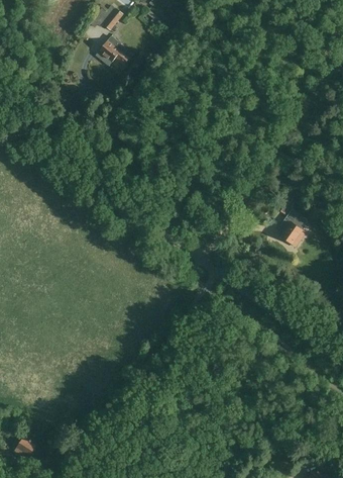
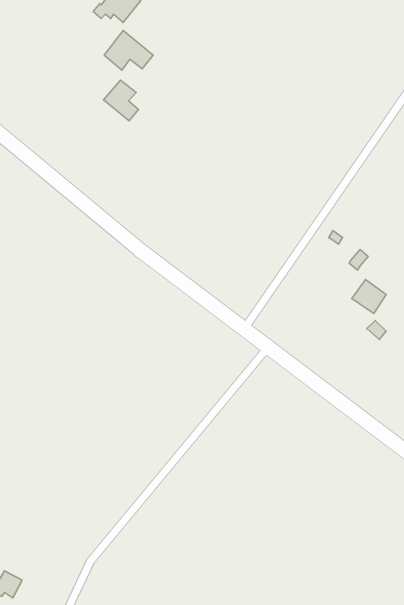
building: none -> [103,80,139,121]

